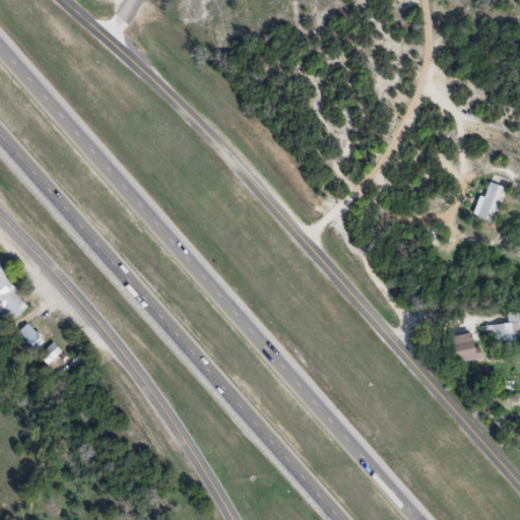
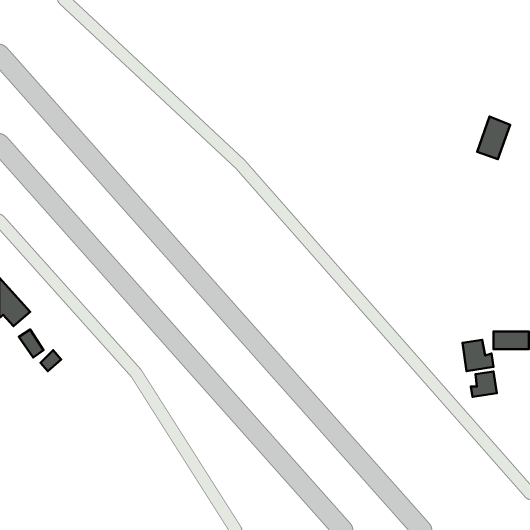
building: [473,180,506,221] -> [477,116,510,159]
building: none -> [471,371,497,397]

